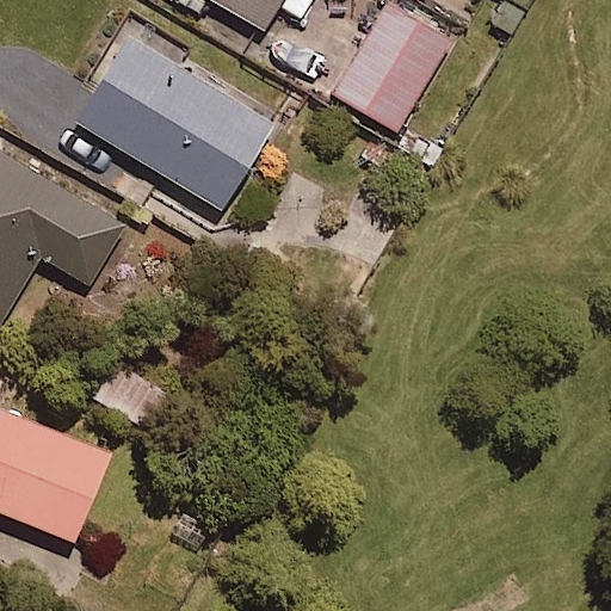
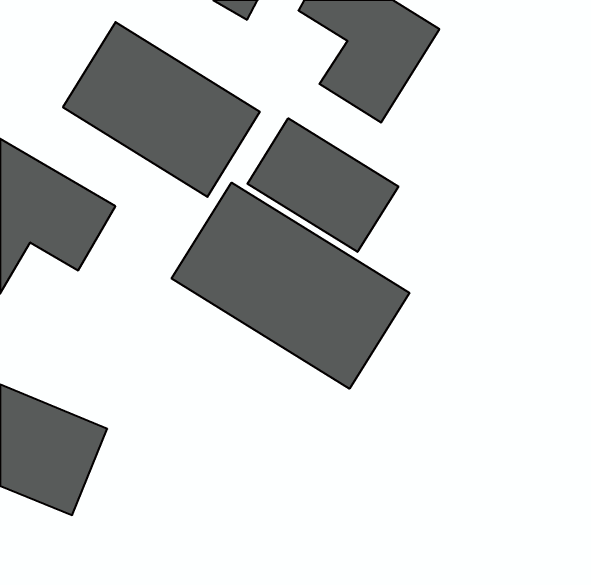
building: none -> [247,118,398,252]
building: none -> [172,183,409,389]

